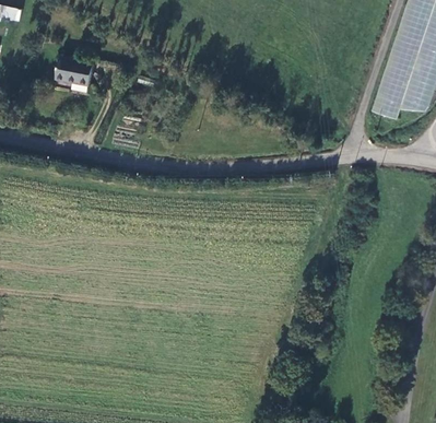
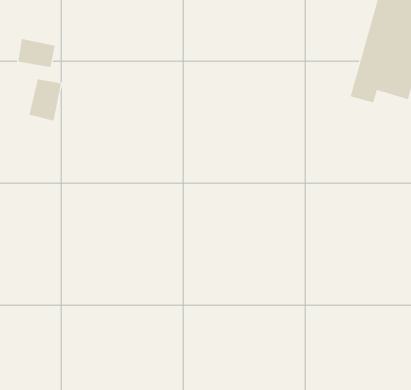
building: none -> [29,78,61,122]

